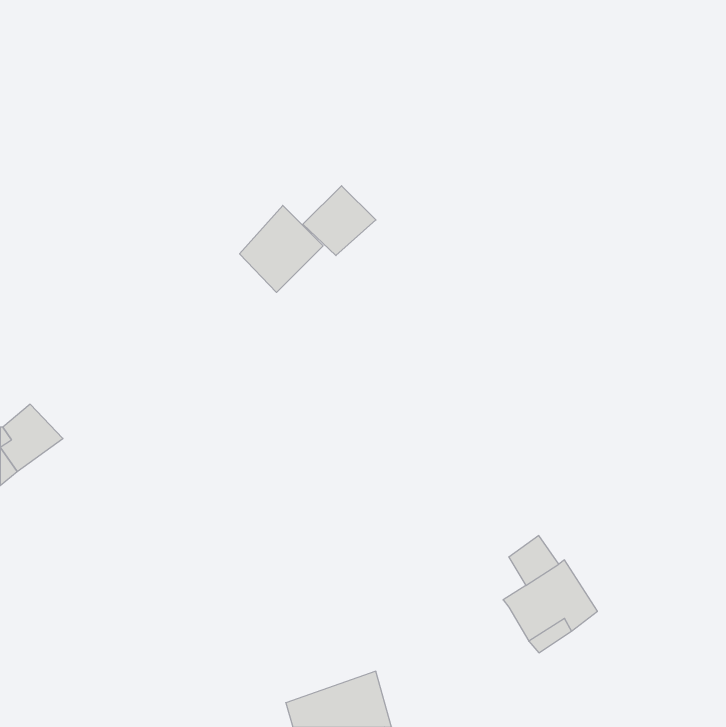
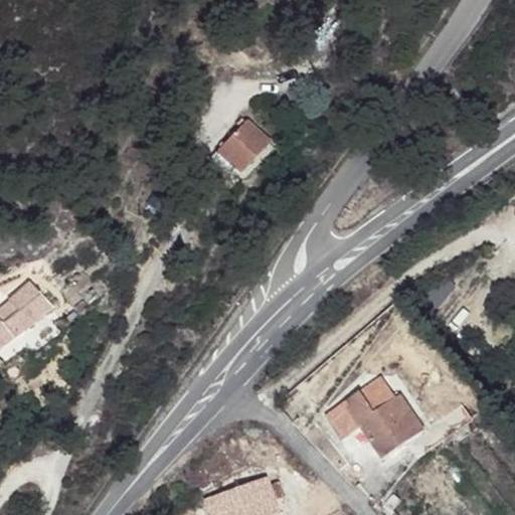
building: [240,205,323,292] -> none
building: none -> [324,389,373,440]

